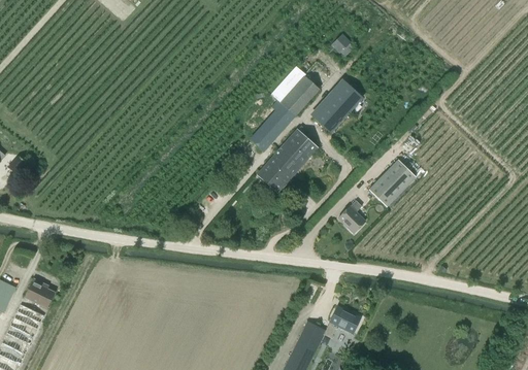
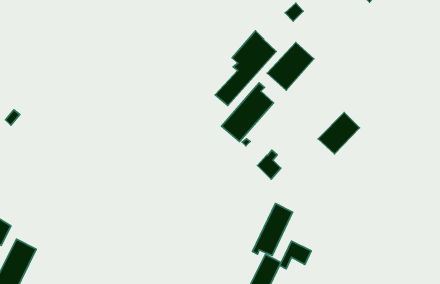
building: [338,201,365,234] -> [258,150,281,179]
building: none -> [252,204,293,256]
building: [25,278,55,308] -> none

